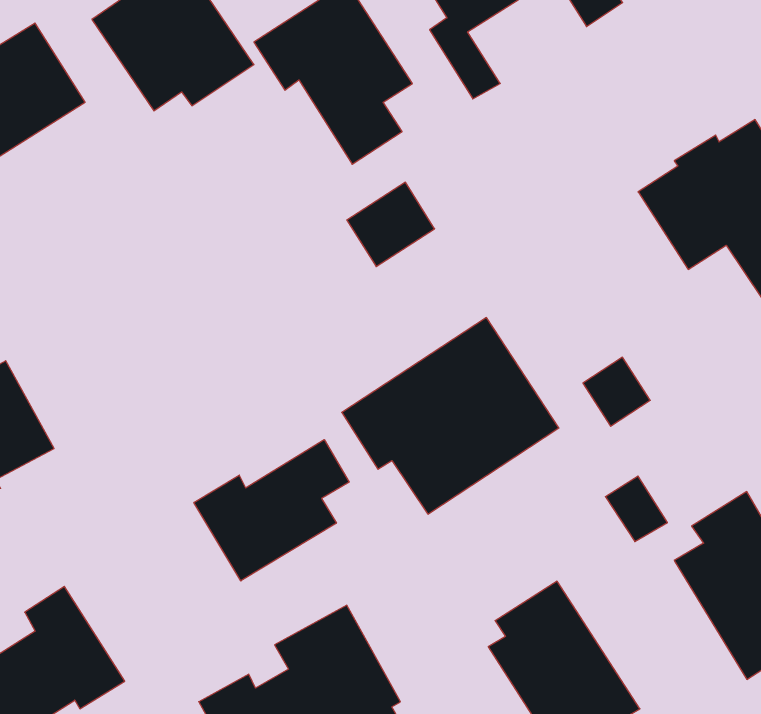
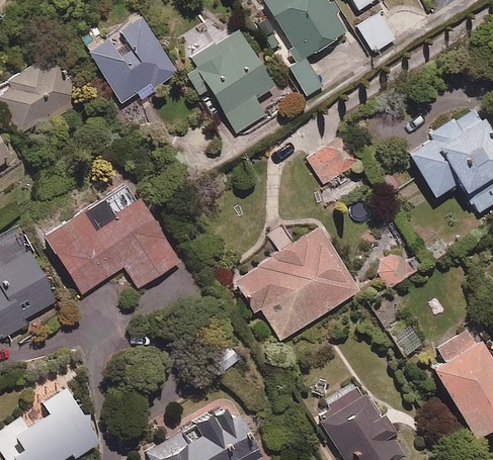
building: [347,182,435,267] -> [309,136,360,186]
building: none -> [48,194,183,293]
building: [194,440,349,581] -> none

